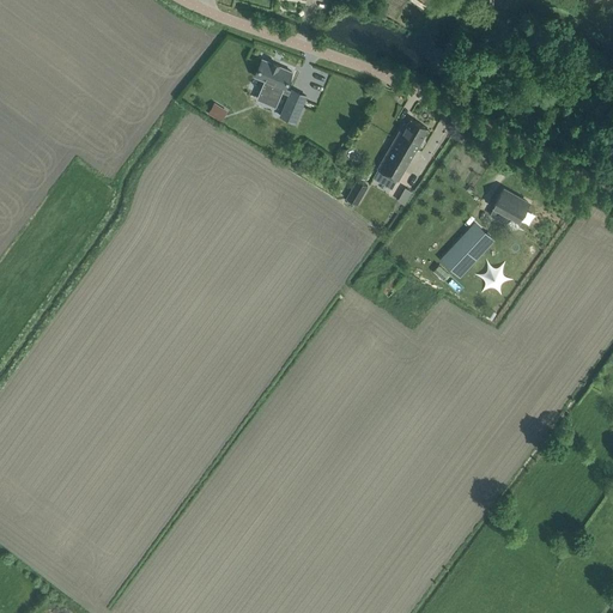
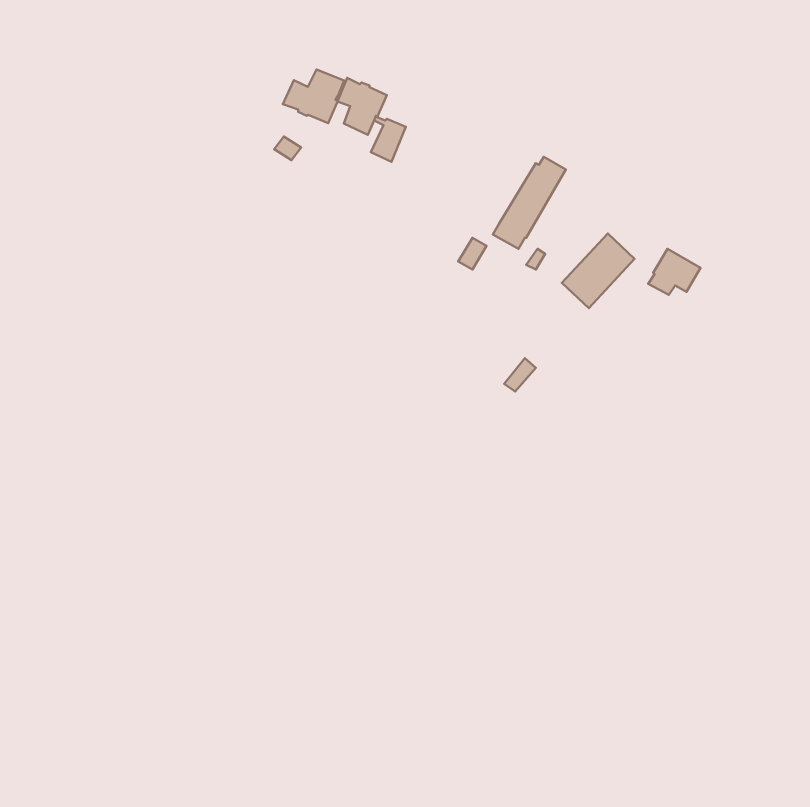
building: none -> [283,70,344,123]
building: [438,223,493,279] -> [562,234,635,308]

